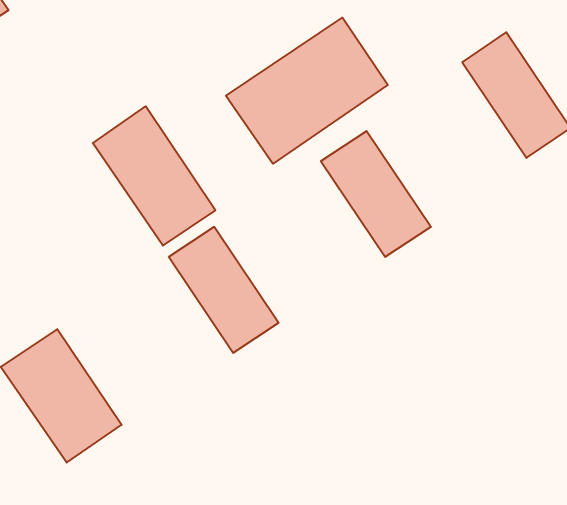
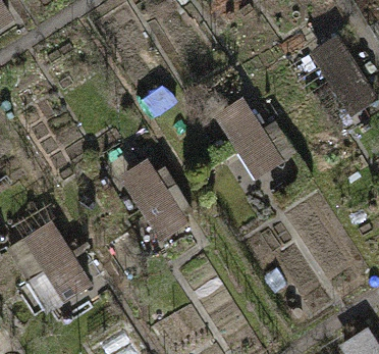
building: [226,18,388,164] -> none
building: [93,106,215,246] -> none

